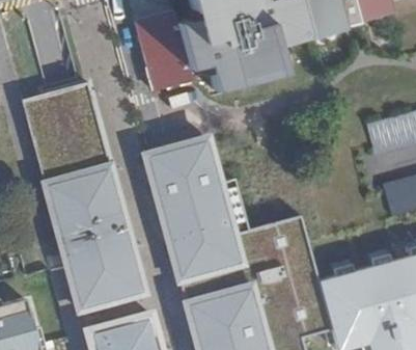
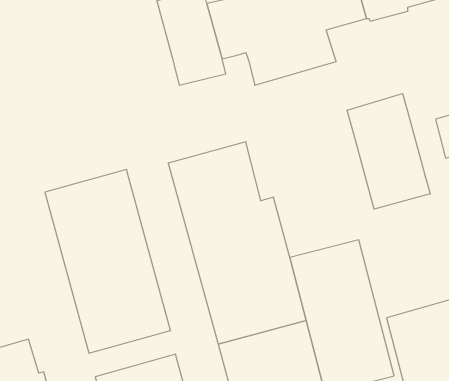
building: [20,80,110,180] -> none
building: none -> [347,94,430,209]

